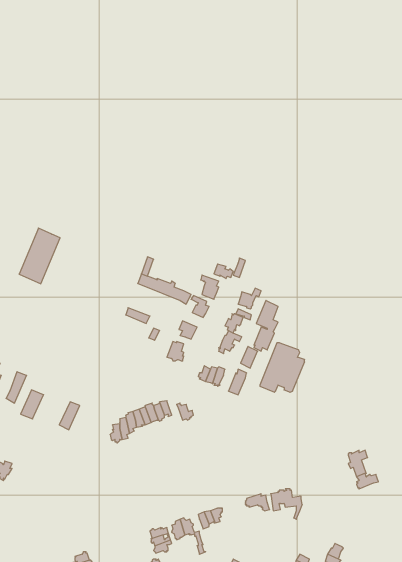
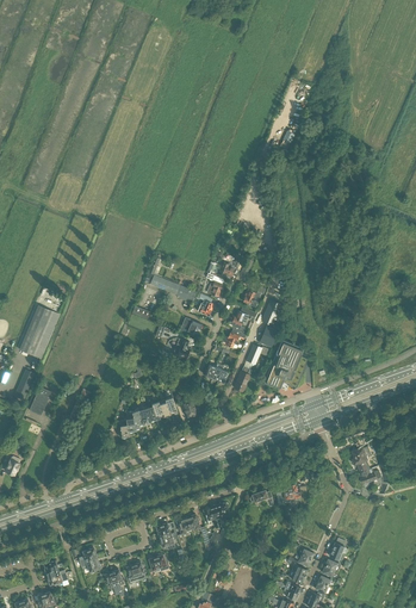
building: [19,228,60,284] -> [18,304,58,359]

